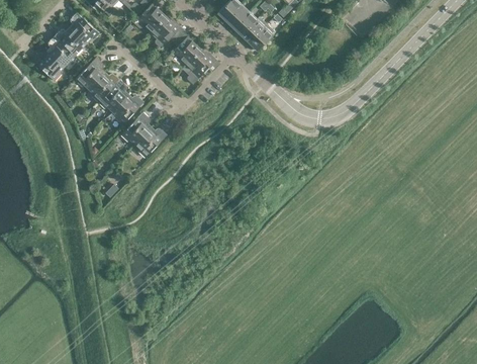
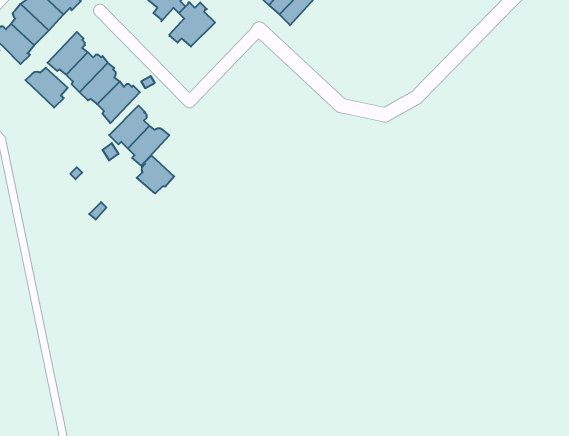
building: [182,50,215,85] -> none
building: none -> [25,68,68,108]
building: none -> [137,156,174,193]

